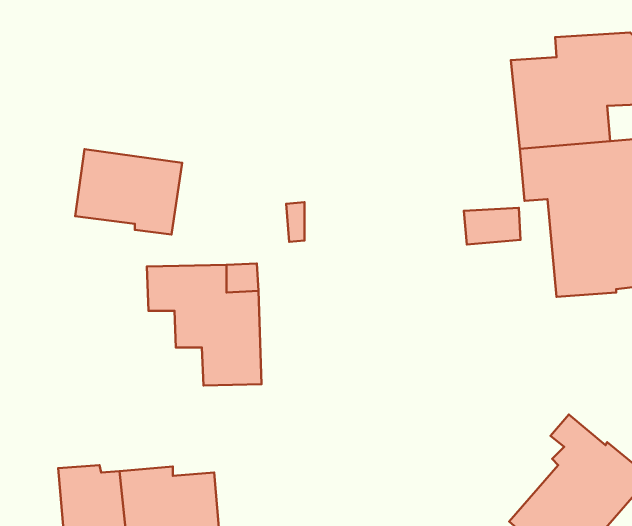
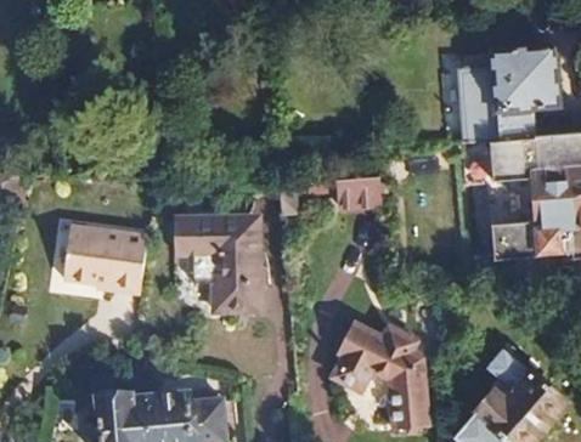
building: [75,149,182,235] -> [63,222,148,290]
building: [464,208,520,244] -> [337,176,382,205]
building: none -> [332,308,429,430]

